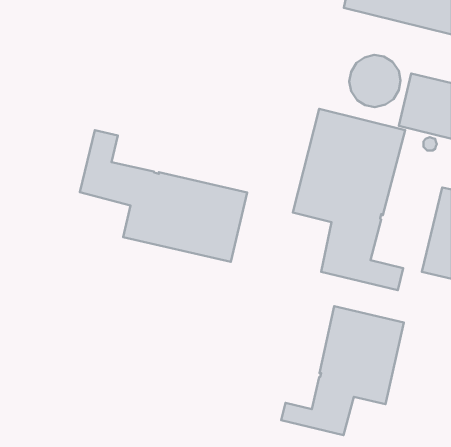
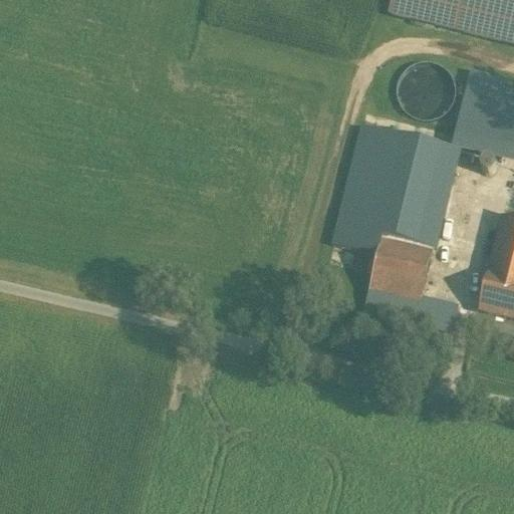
building: [80,130,247,262] -> none
building: [281,306,404,435] -> none

